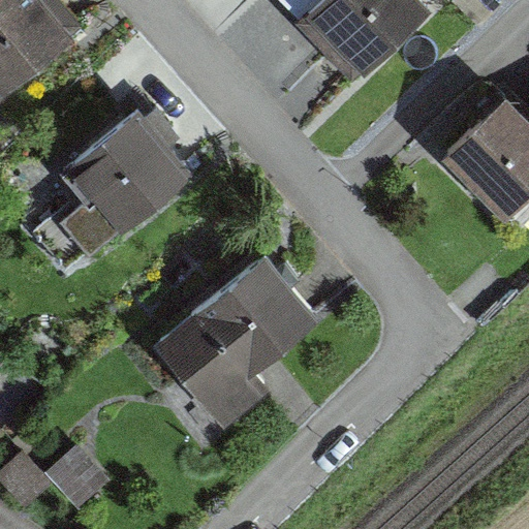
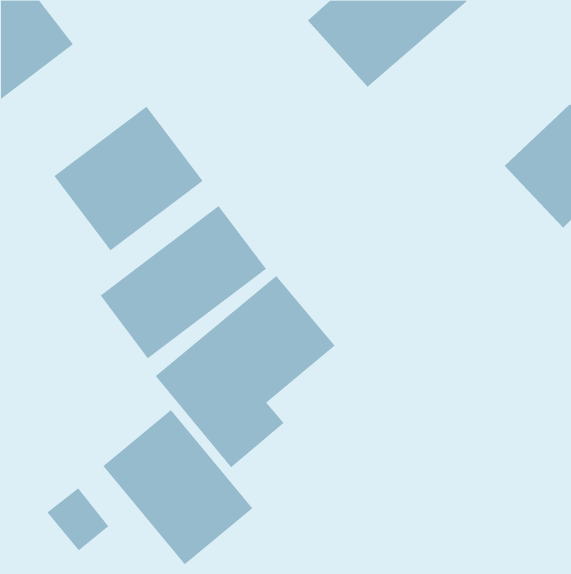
building: none -> [100,205,267,359]
building: none -> [102,409,253,565]

